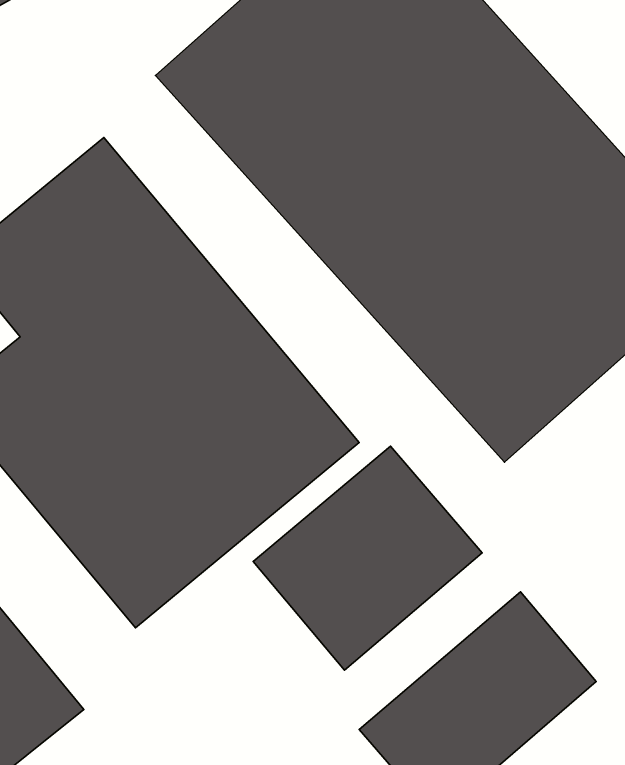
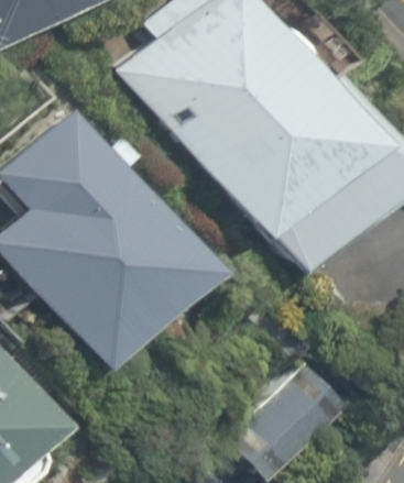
building: [253,446,482,670] -> none

